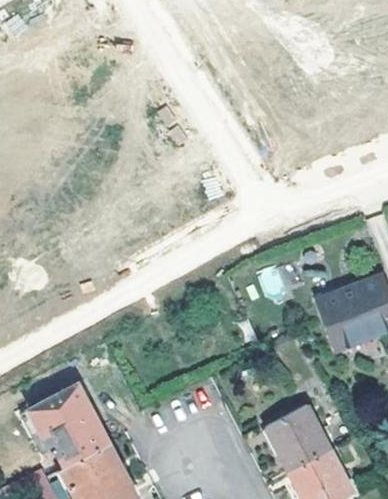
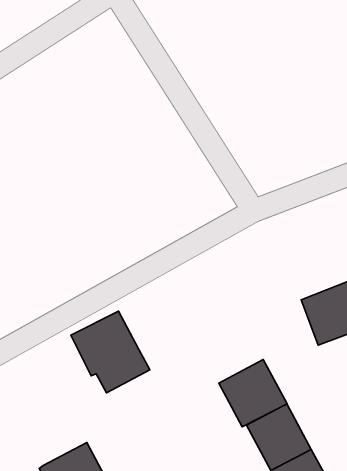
building: none -> [219,359,287,427]
building: [30,384,108,465] -> [71,311,150,393]

